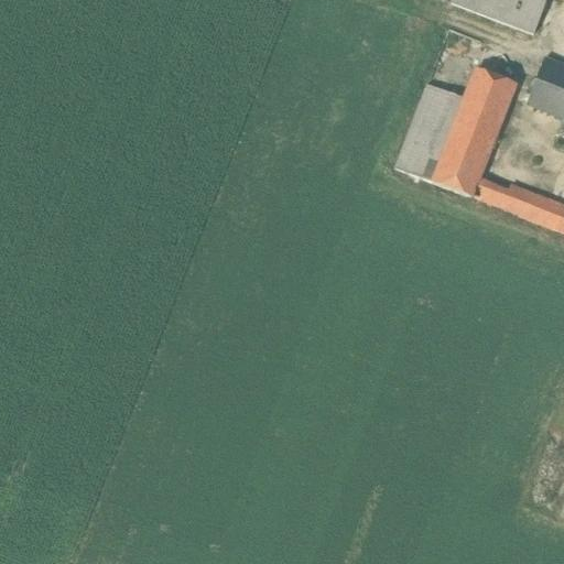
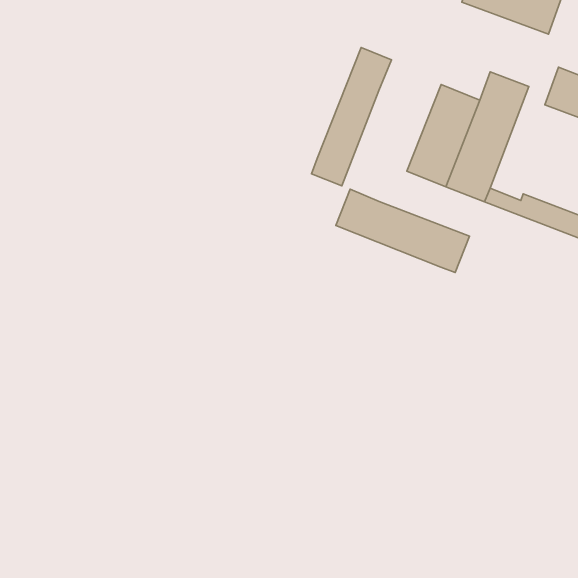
building: none -> [311,48,392,186]
building: none -> [336,189,470,273]

